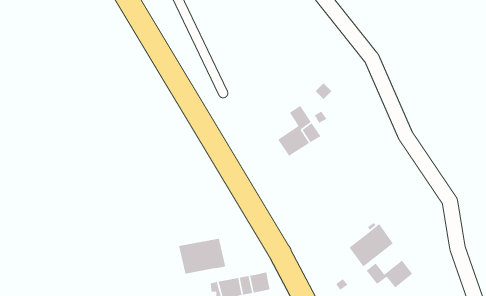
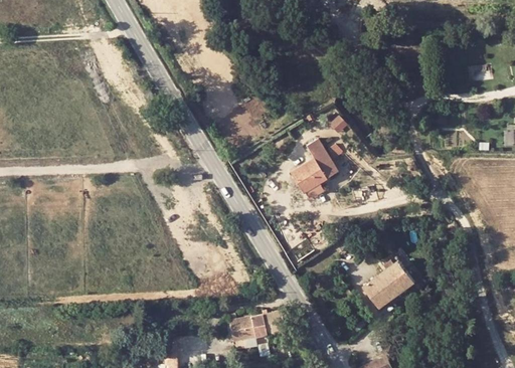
building: [178,238,226,275] -> none
building: [366,260,413,289] -> none

